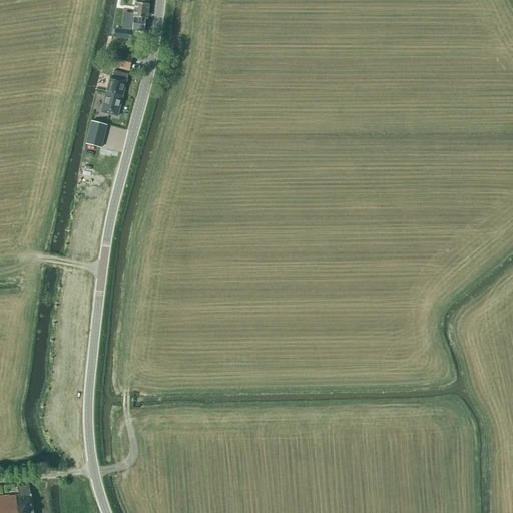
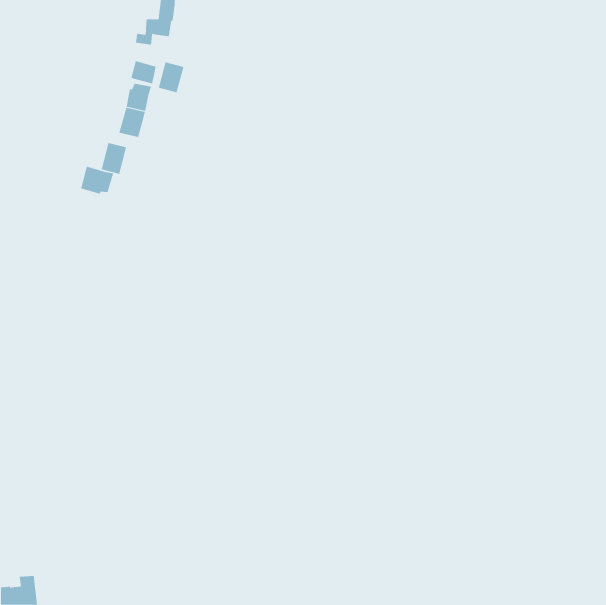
building: none -> [158,61,184,93]
building: none -> [81,166,114,195]

